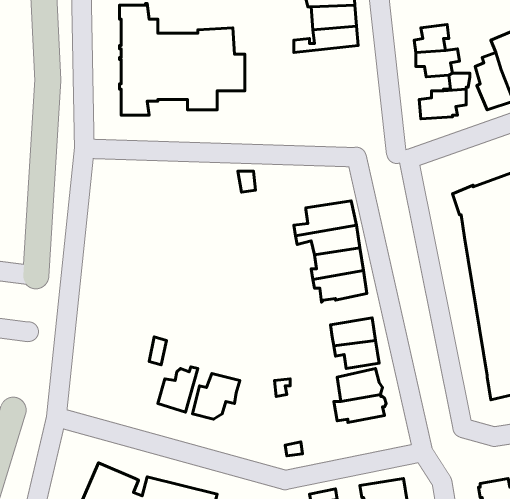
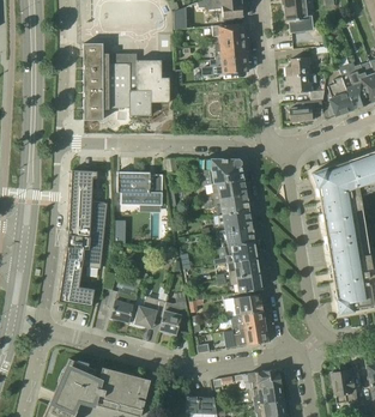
building: none -> [202,158,243,185]
building: none -> [59,169,108,306]
building: none -> [117,171,163,205]
building: none -> [216,241,258,264]
building: none -> [159,291,188,334]
building: none -> [234,325,271,346]

